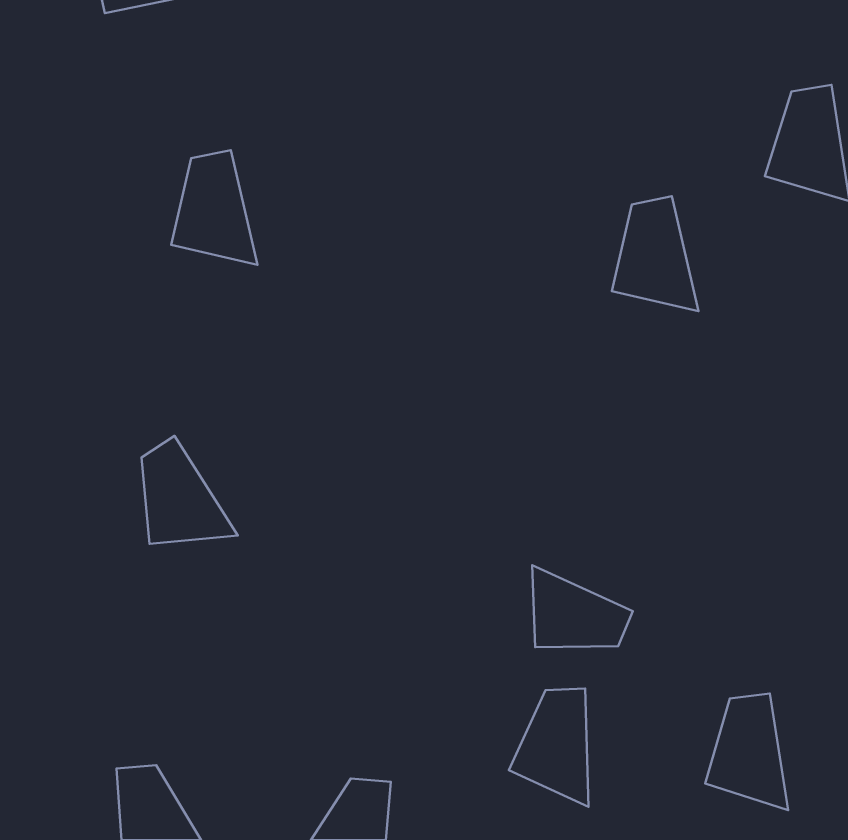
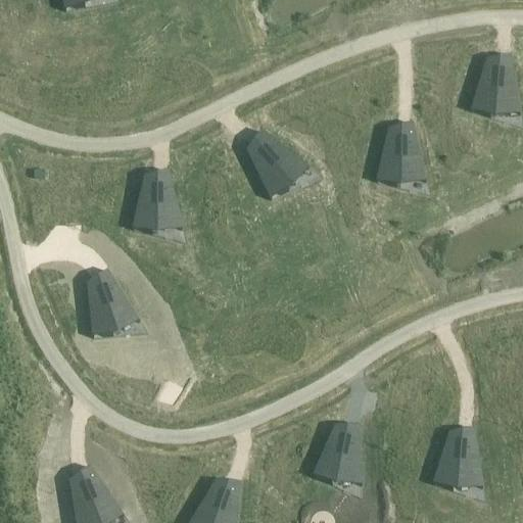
building: [171,150,258,265] -> [133,169,186,239]
building: none -> [247,129,320,197]
building: [532,565,633,647] -> none

